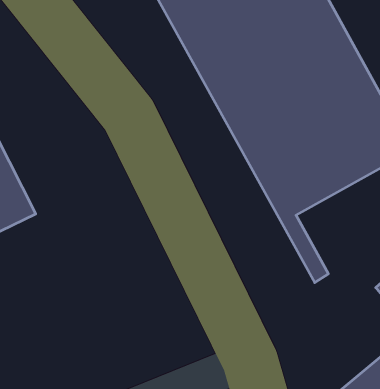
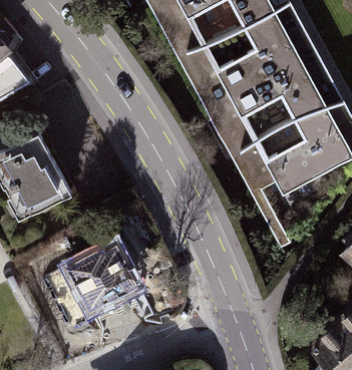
building: none -> [60,243,137,316]

